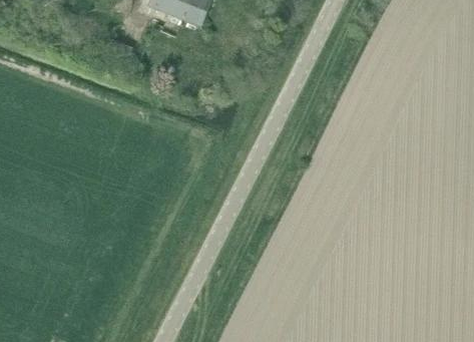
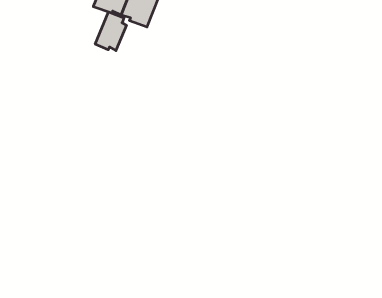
building: none -> [95,12,126,51]

